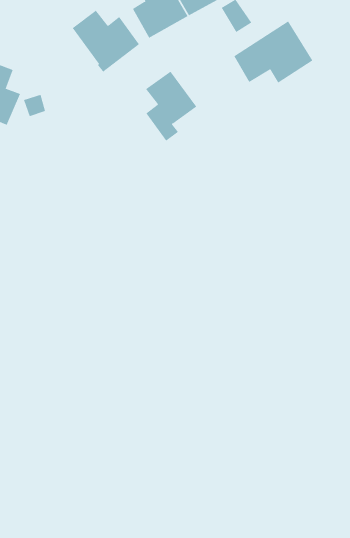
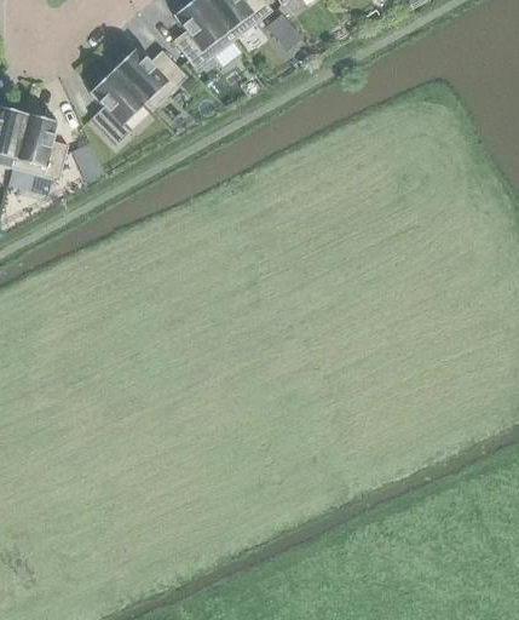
building: [233,21,313,84] -> none
building: [145,71,197,141] -> [88,69,145,144]

